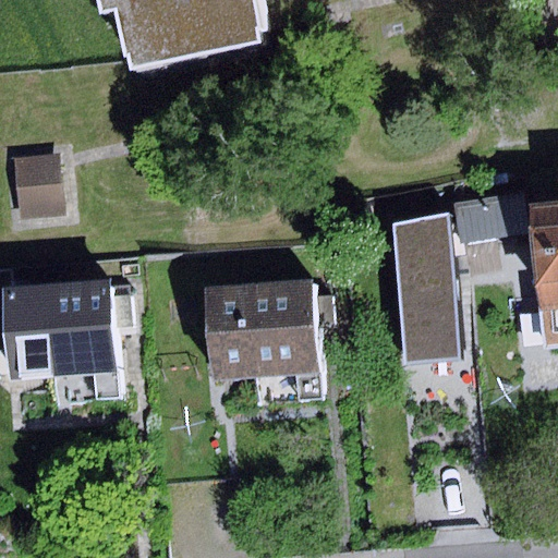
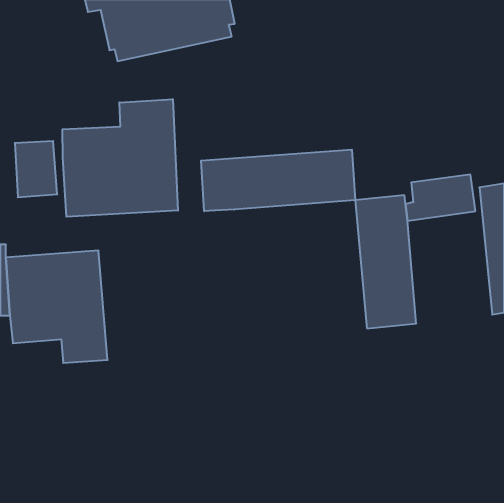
building: none -> [62,99,178,217]
building: none -> [201,150,355,211]
building: [203,280,322,403] -> none

